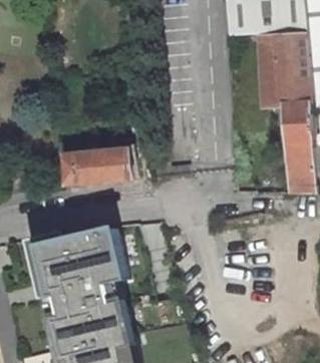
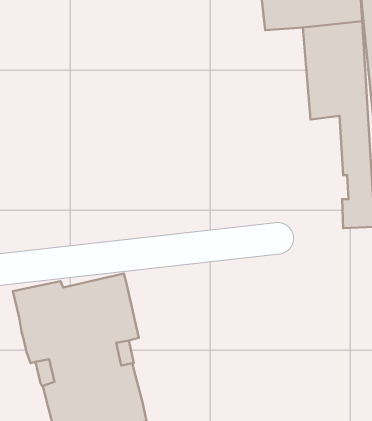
building: [60,149,129,186] -> none

